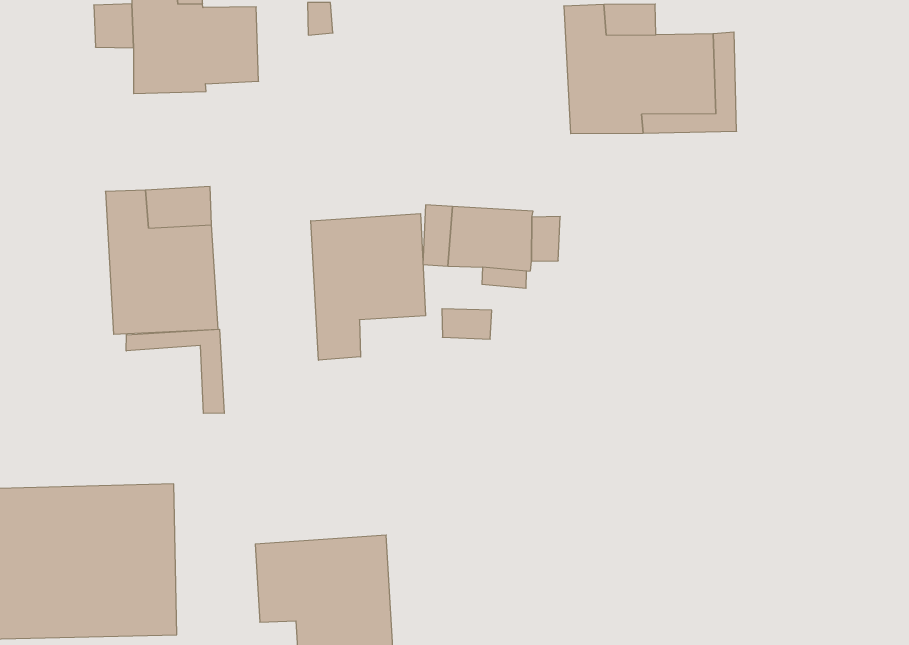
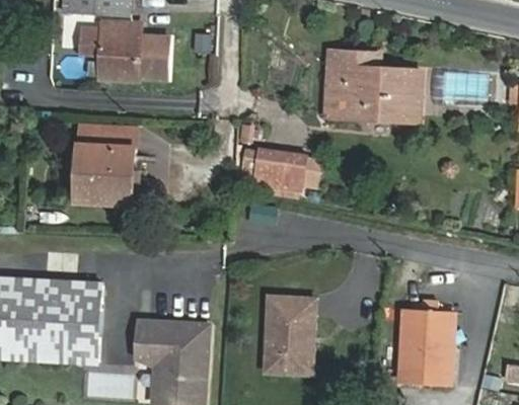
building: [311,214,425,360] -> none
building: [126,329,224,413] -> none
building: none -> [405,305,452,388]
building: none -> [269,300,315,376]

